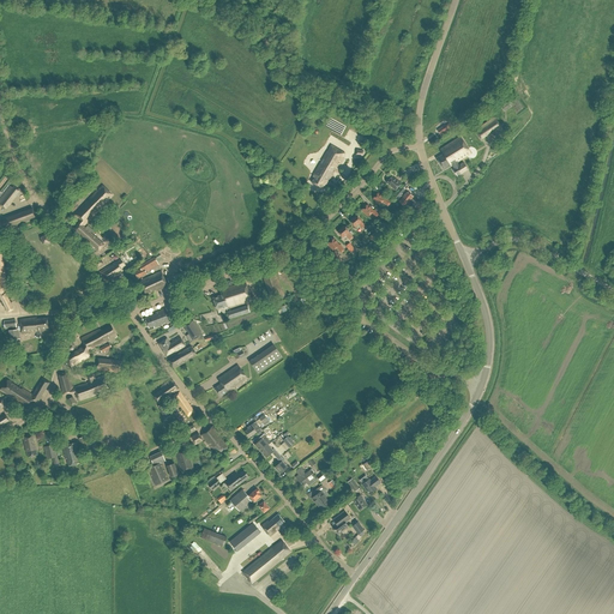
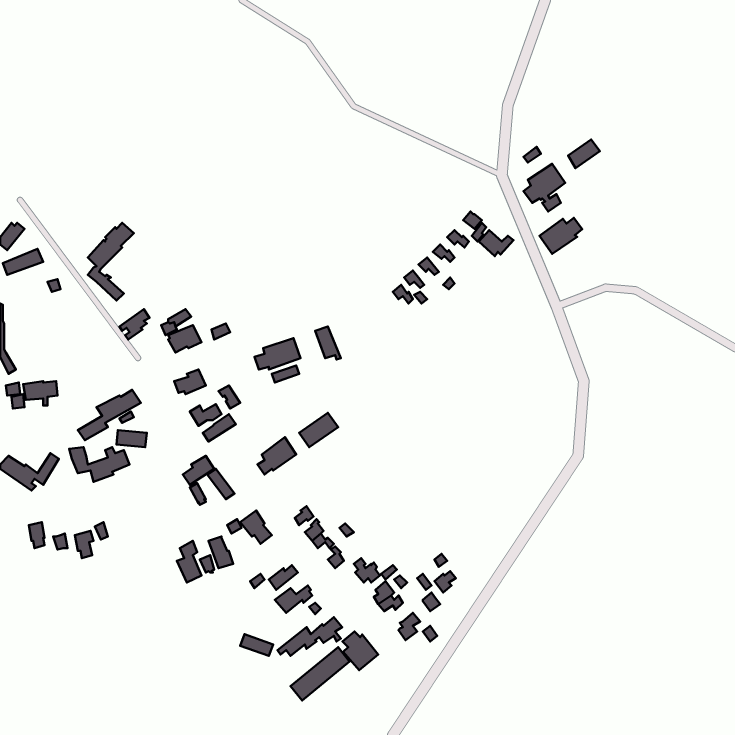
building: [309,145,343,188] -> none
building: none -> [540,218,582,254]
building: none -> [343,631,378,670]

